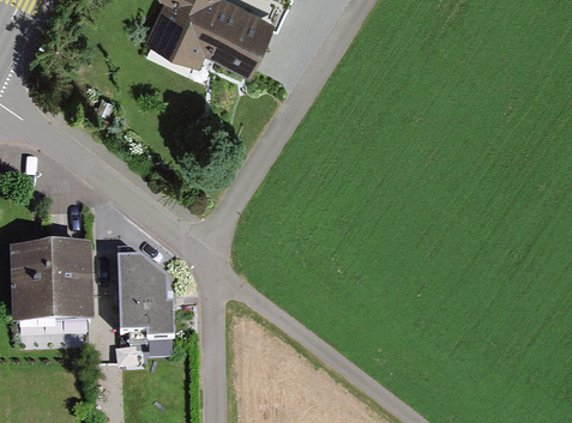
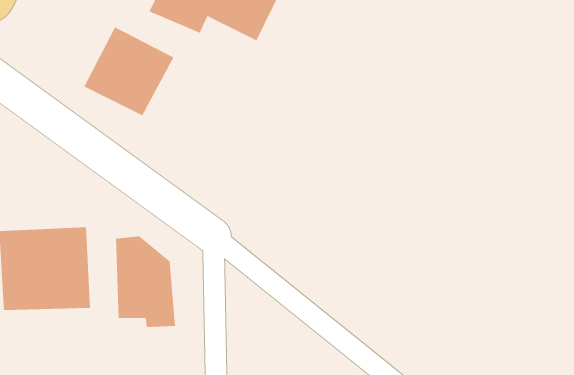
building: none -> [84,26,174,116]

